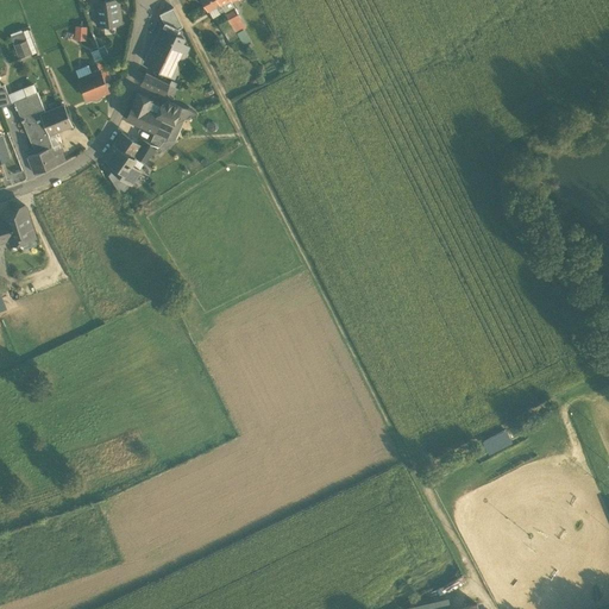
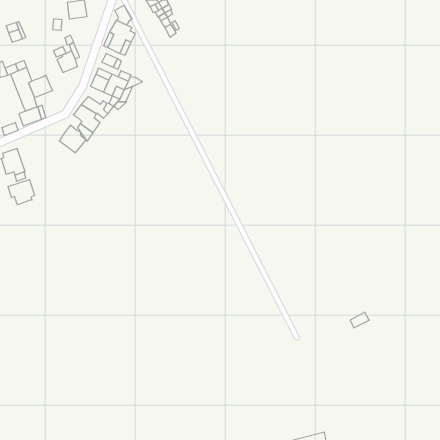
building: none -> [59,125,86,153]
building: none -> [8,179,35,205]

